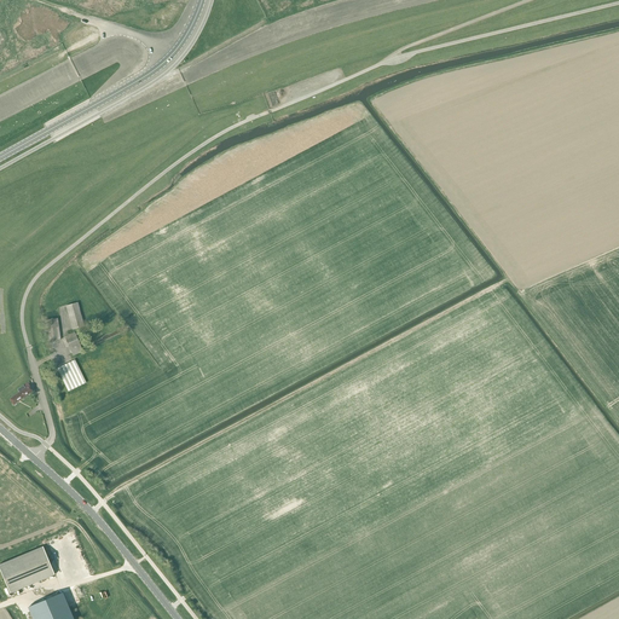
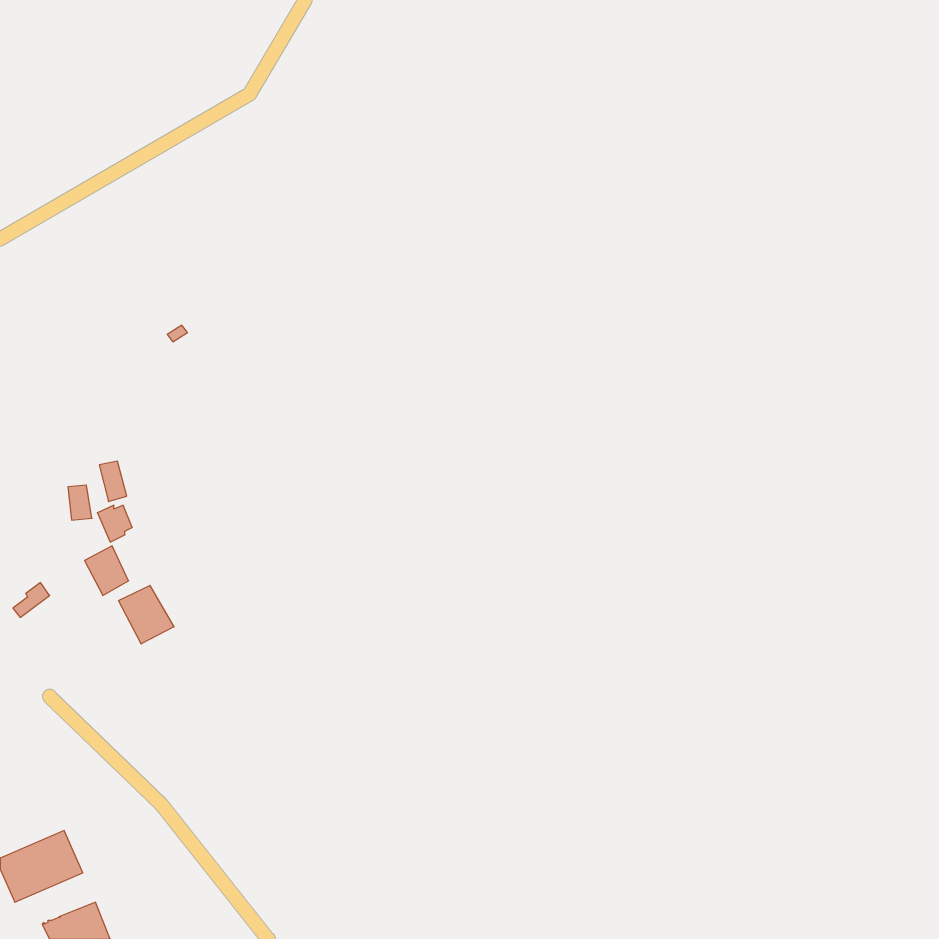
building: none -> [119,585,174,644]

